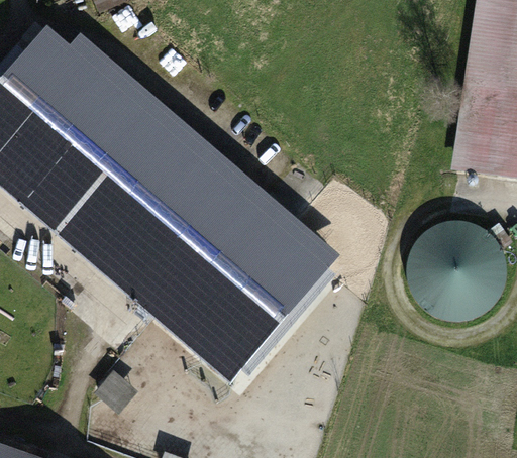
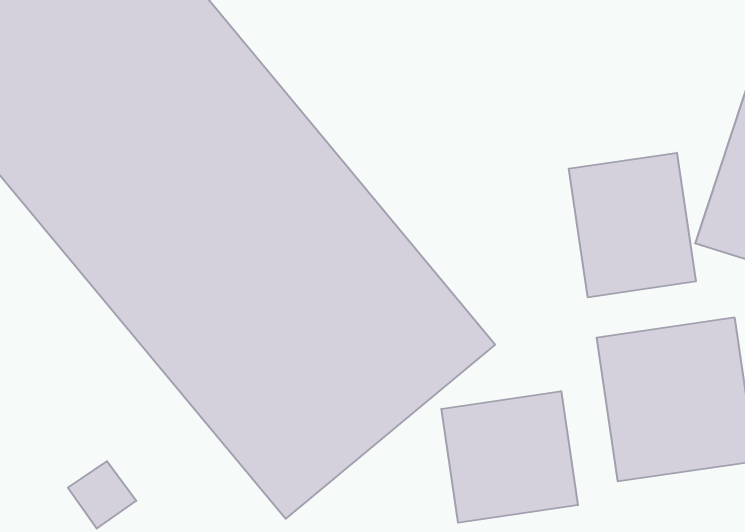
building: none -> [569,153,696,297]
building: none -> [441,391,578,523]

